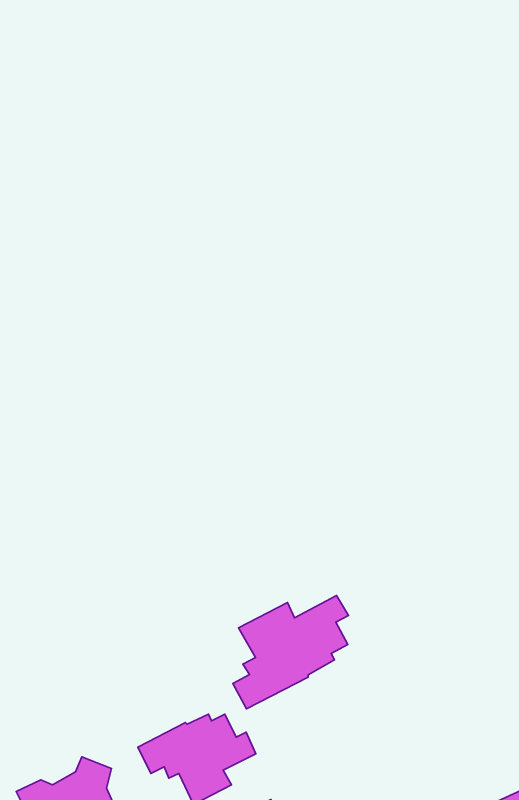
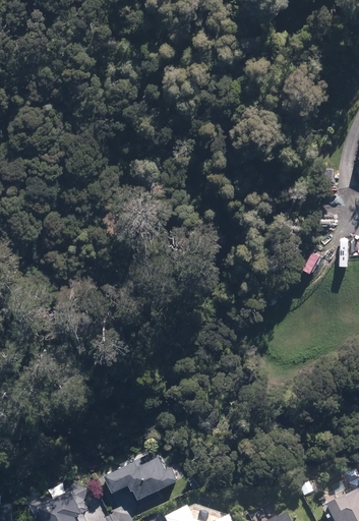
building: [233,595,348,709] -> none

